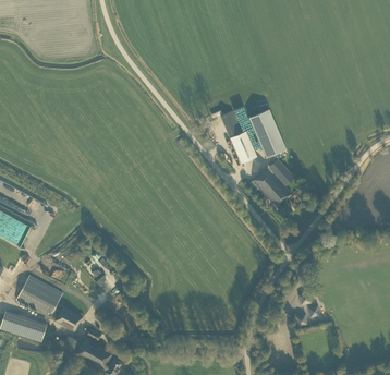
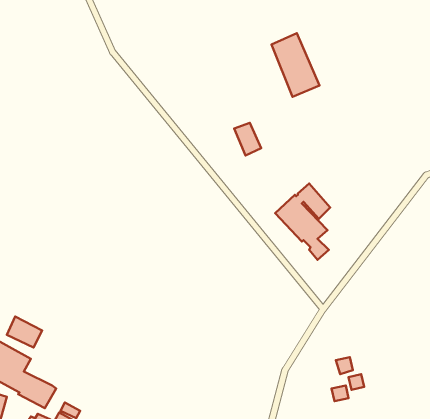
building: [249,108,287,157] -> [271,33,319,97]
building: [230,130,257,164] -> none

